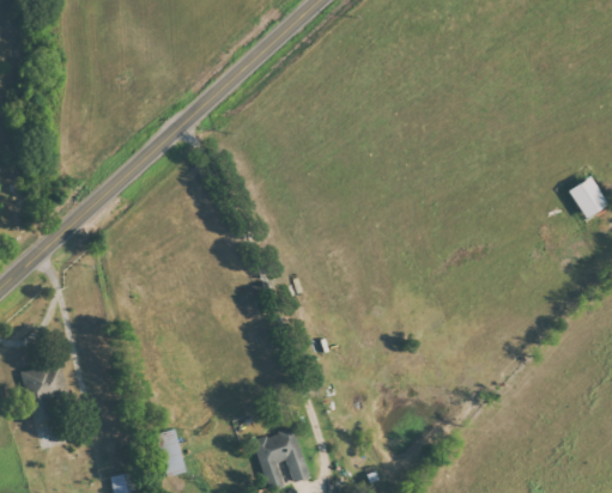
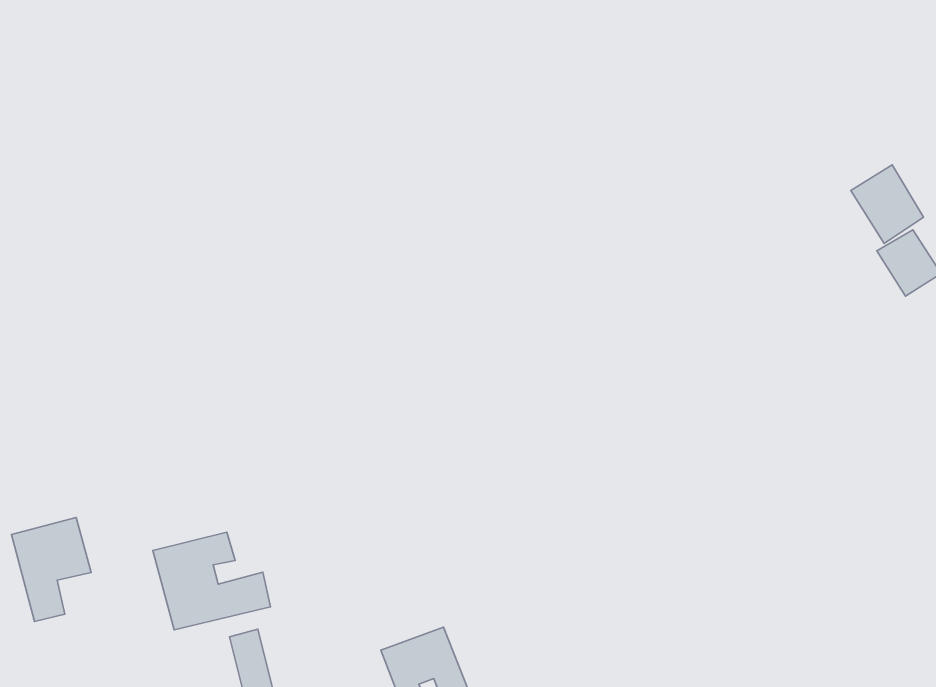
building: none -> [851,165,924,244]
building: none -> [153,532,270,630]

